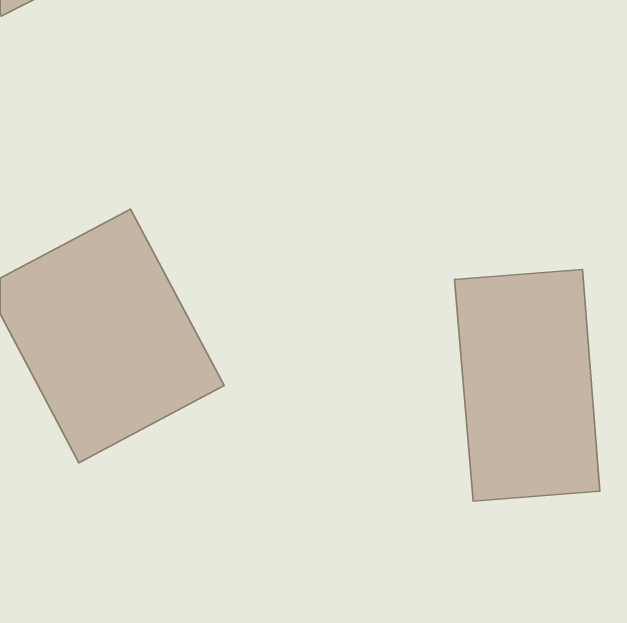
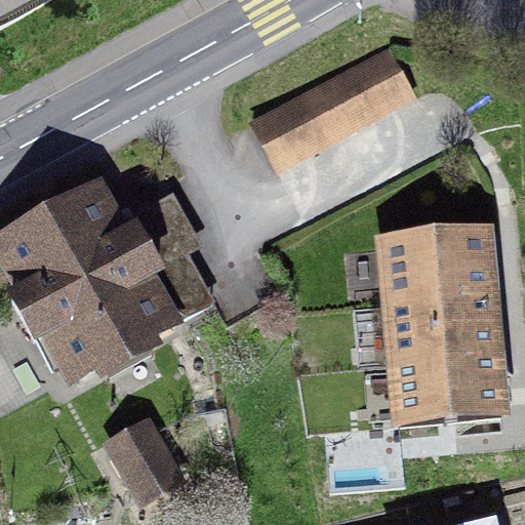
building: none -> [255,53,410,166]
building: none -> [105,413,189,504]

